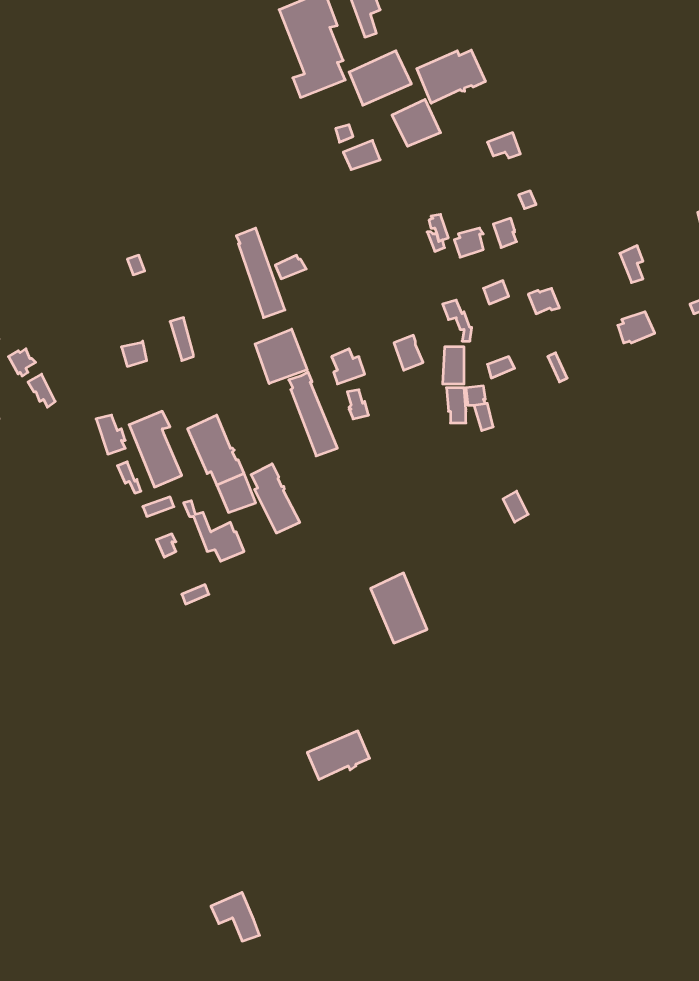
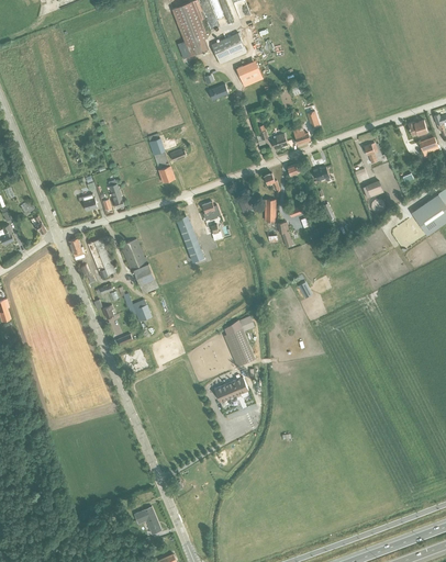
building: [417,50,485,103] -> none
building: [255,329,307,384] -> none
building: [251,464,300,533] -> none
building: [307,731,370,780] -> [213,375,248,403]

